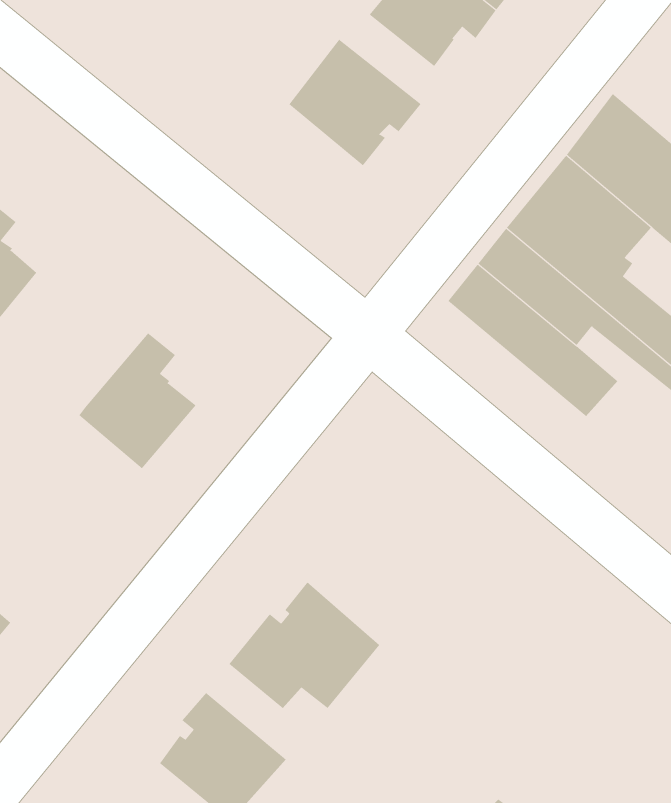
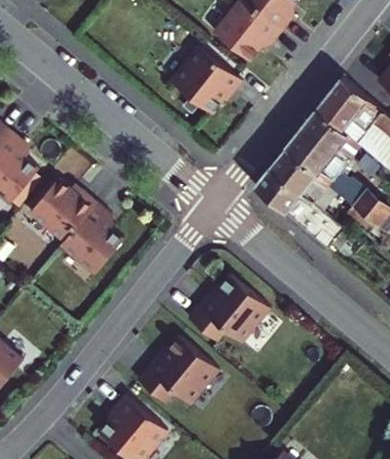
building: none -> [26,181,94,243]
building: none -> [188,275,270,343]

